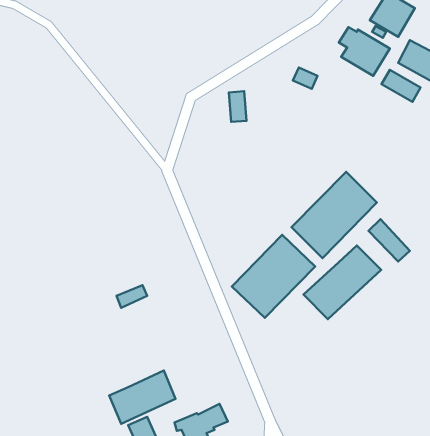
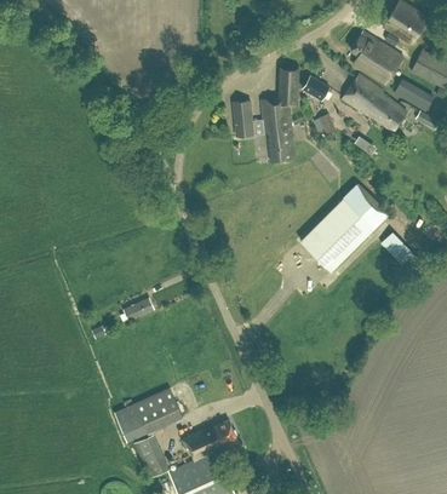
building: none -> [260,67,299,162]
building: none -> [342,77,406,132]
building: [232,235,315,318] -> none
building: [303,245,381,319] -> none

